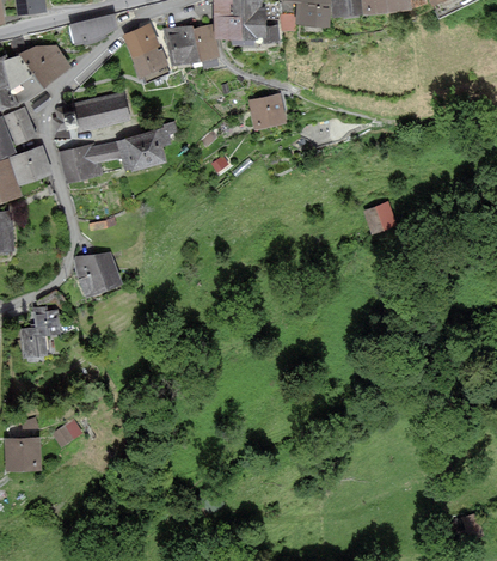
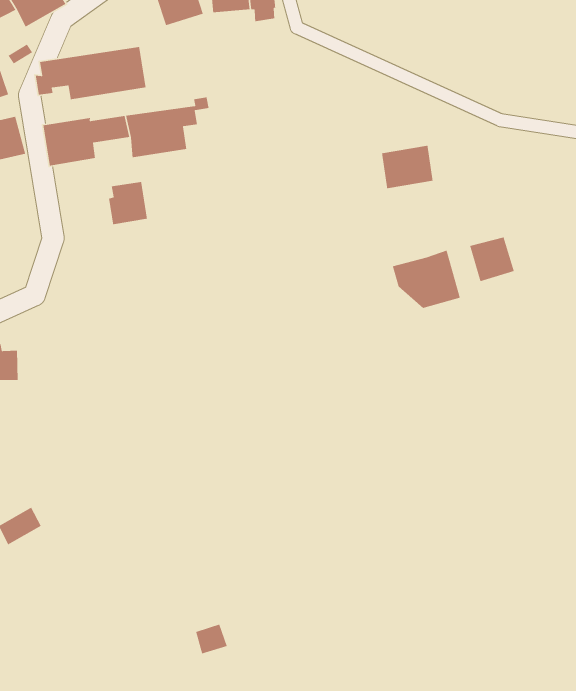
building: [247,93,286,127] -> [381,145,433,189]
building: none -> [108,181,148,225]
building: none -> [392,249,461,309]
building: [76,252,119,292] -> none

